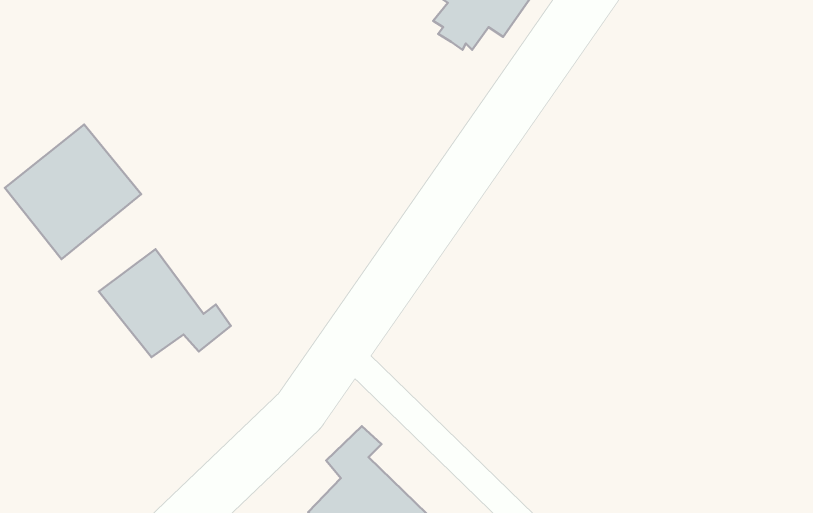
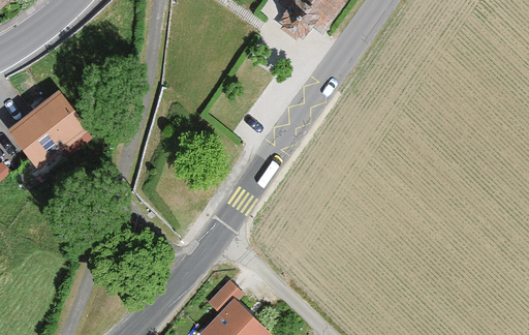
building: [99,249,231,357] -> none

